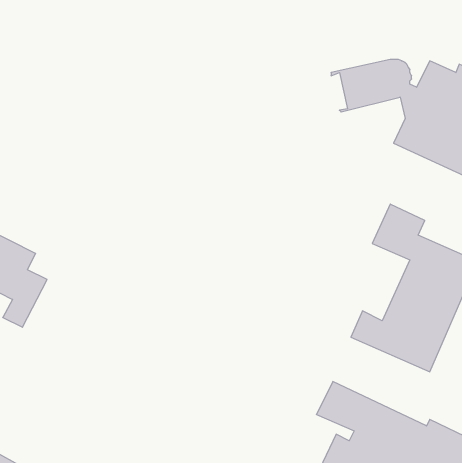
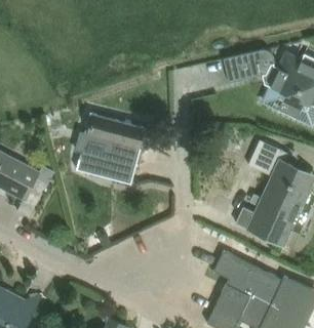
building: none -> [76,113,146,183]

